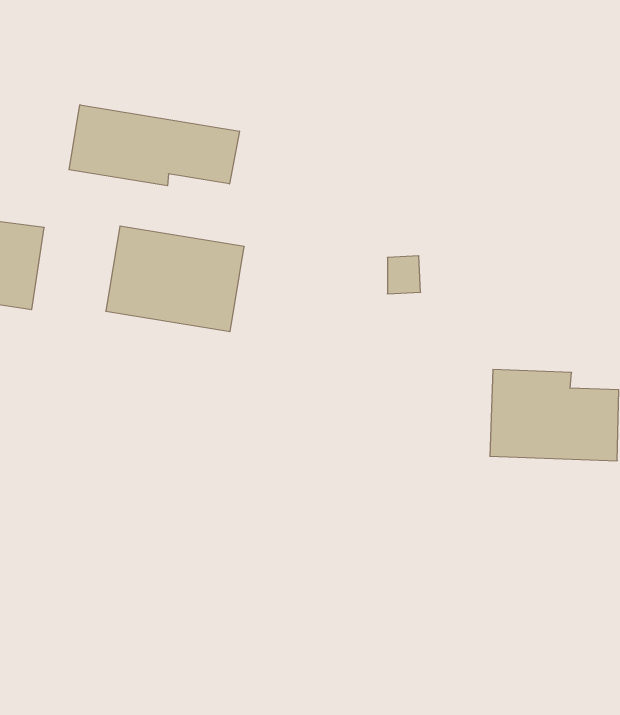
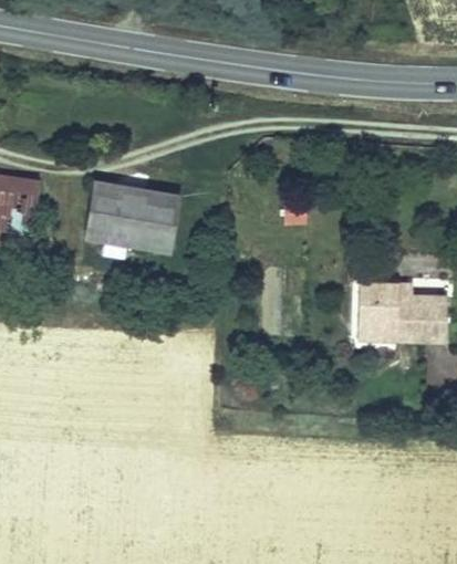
building: [69,105,239,186] -> none

